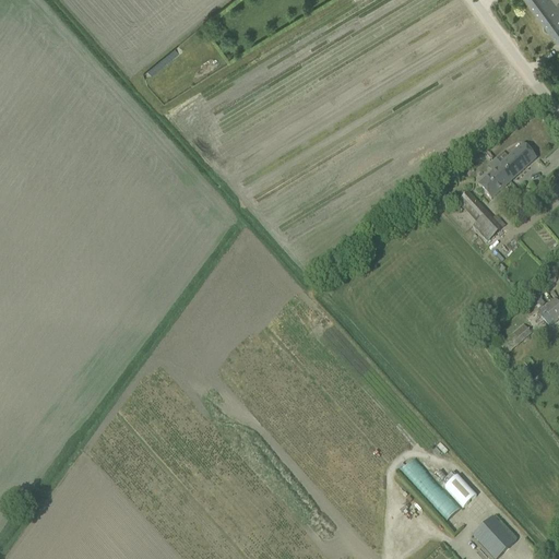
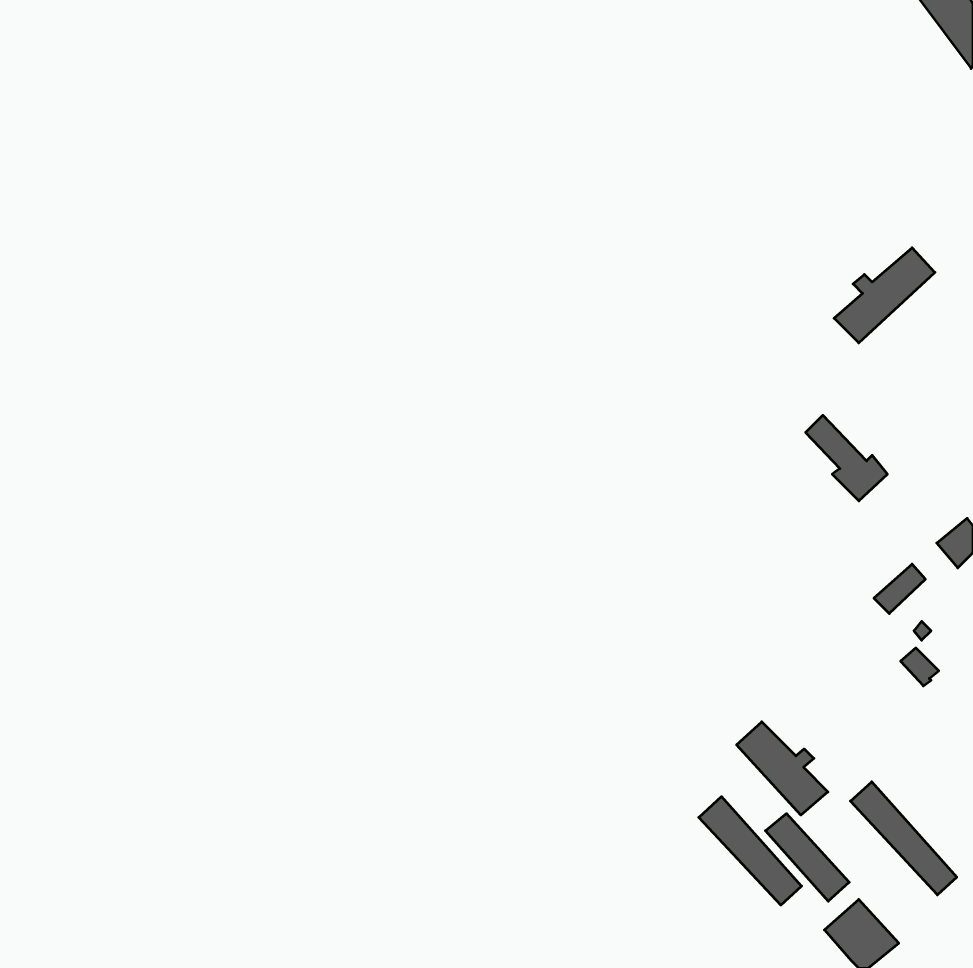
building: [457,191,504,240] -> [806,415,887,501]
building: none -> [737,722,828,815]
building: none -> [850,782,957,895]

